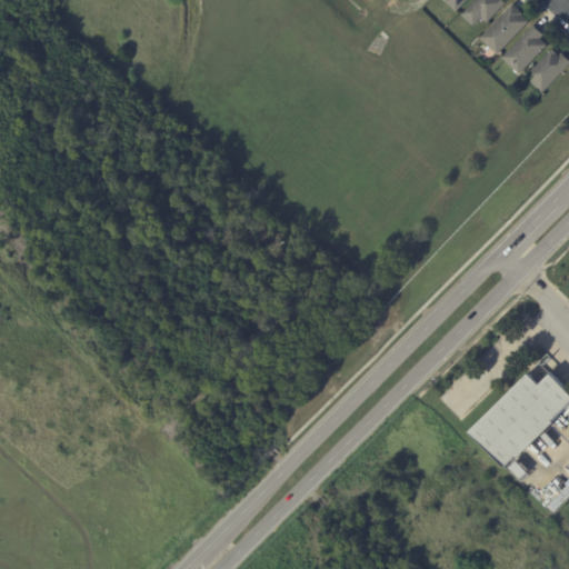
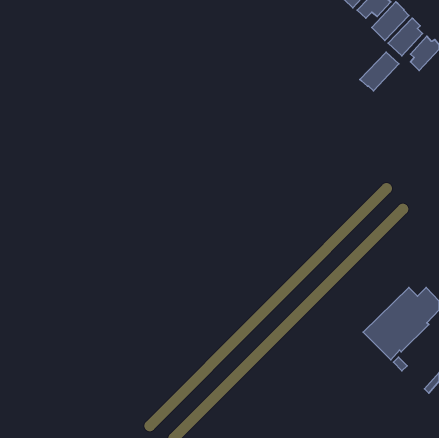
building: none -> [360,52,399,91]

